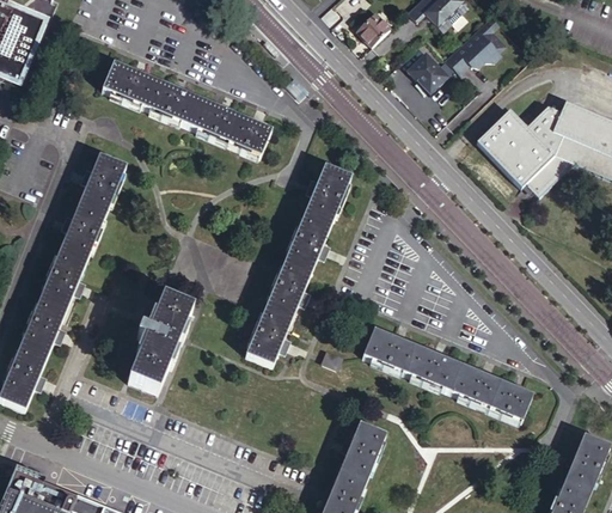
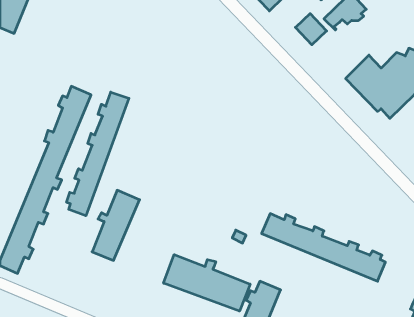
building: [103,63,274,157] -> none
building: none -> [67,92,129,216]
building: [245,163,351,365] -> none
building: none -> [164,255,250,311]

